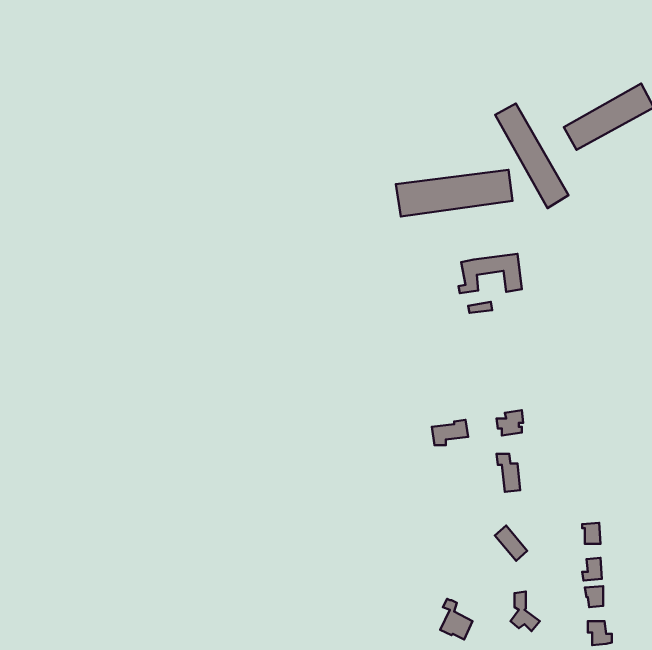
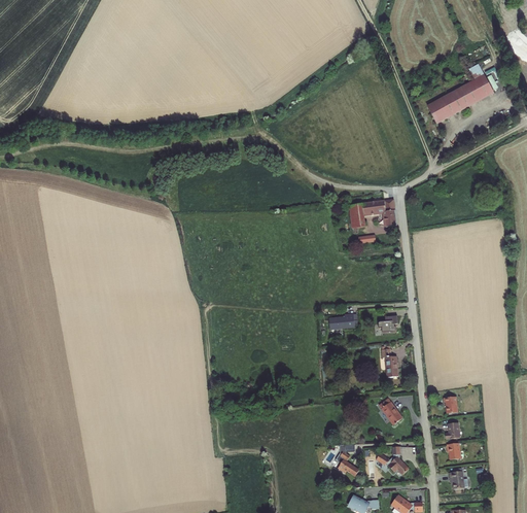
building: [495,103,569,208] -> none
building: [396,170,512,217] -> none

